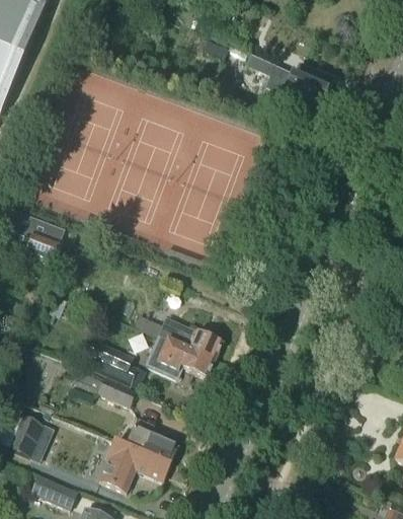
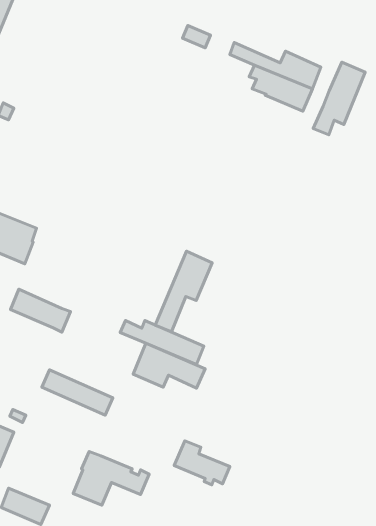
building: none -> [313,62,365,135]
building: none -> [155,251,212,332]
building: [81,344,138,384] -> [10,289,70,332]
building: [125,421,177,462] -> [174,441,230,485]

